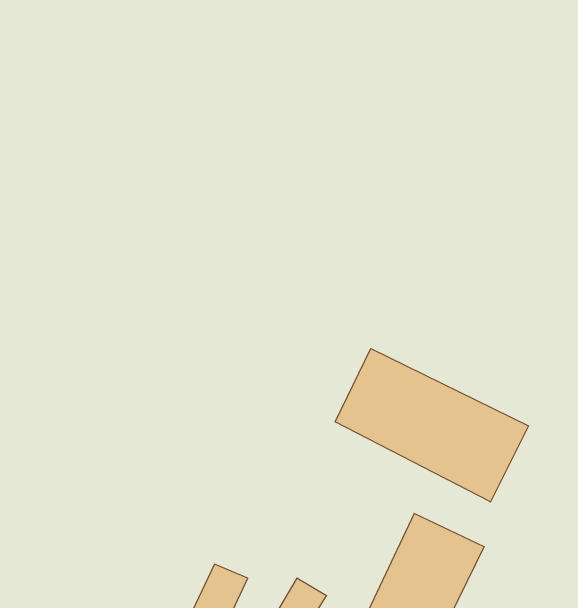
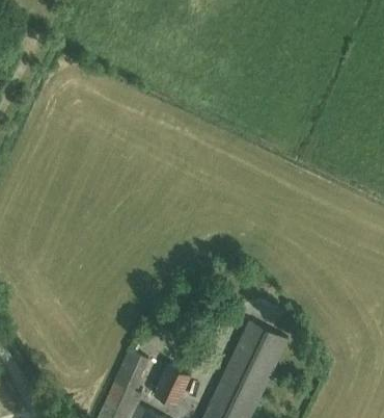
building: [335,349,529,502] -> none

